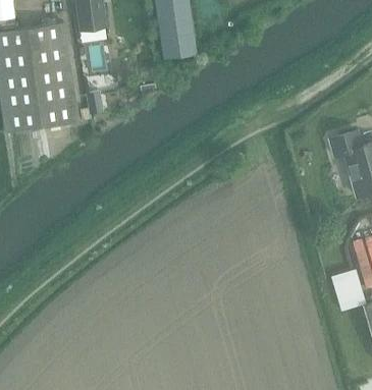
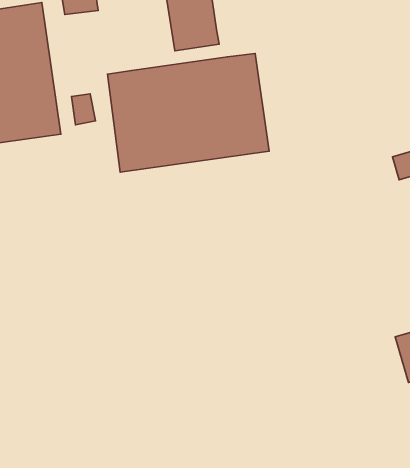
building: none -> [108,53,269,172]

